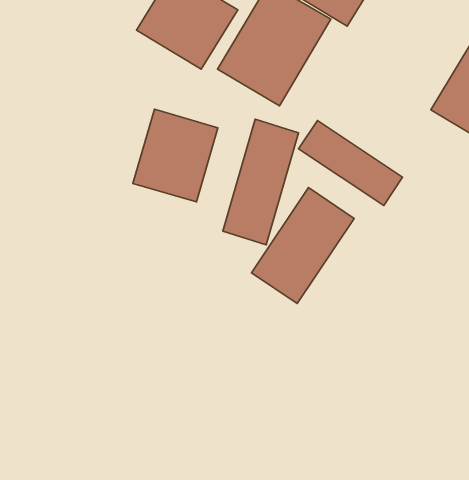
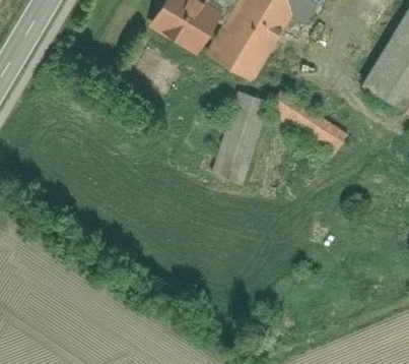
building: [133,109,218,202] -> none
building: [252,188,354,304] -> none

